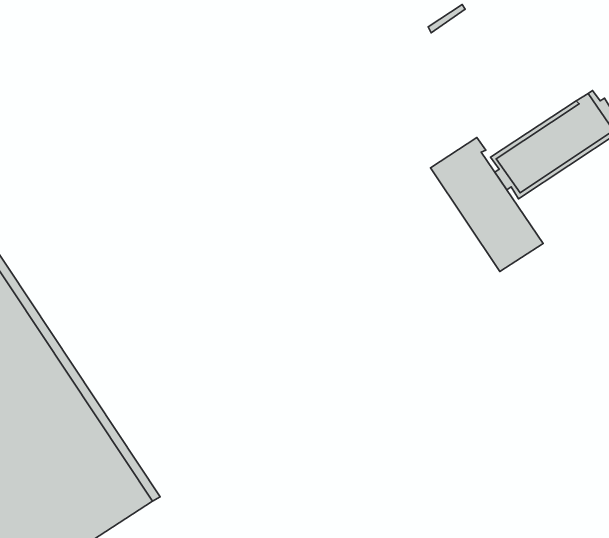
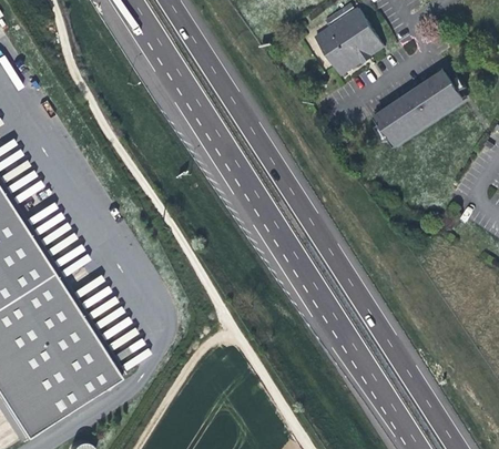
building: none -> [314,9,384,78]
building: [430,137,543,271] -> none

